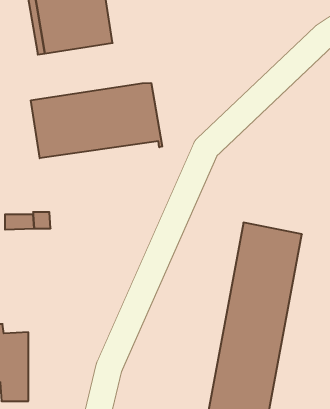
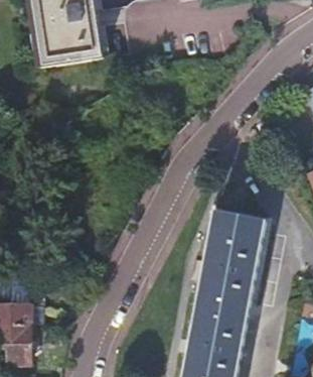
building: [31,83,162,158] -> none

